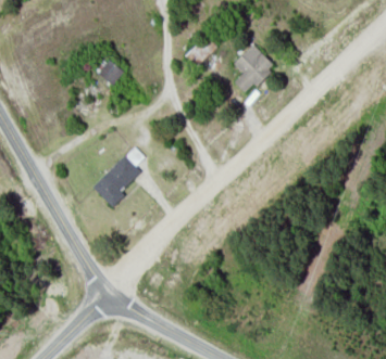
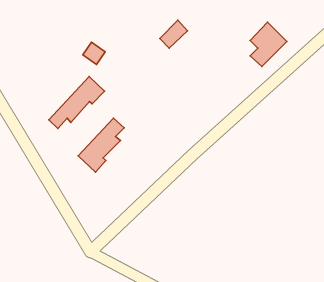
building: [233,43,274,93] -> [250,22,287,67]
building: none -> [49,77,105,129]

